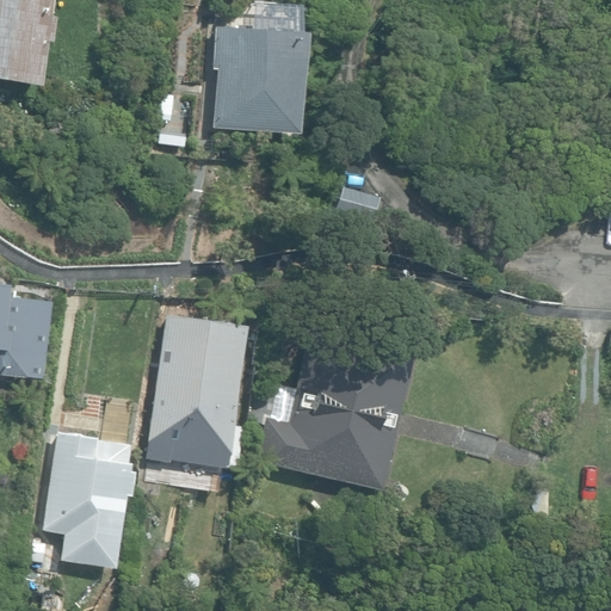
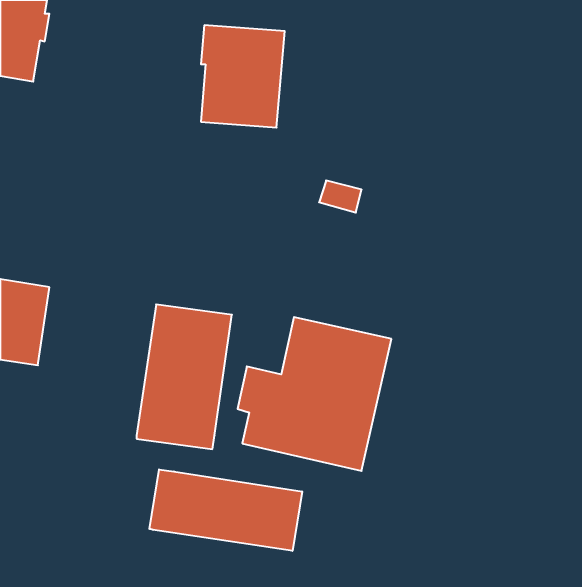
building: [43,431,130,567] -> none
building: none -> [149,469,302,551]

